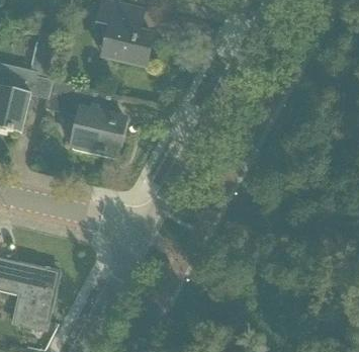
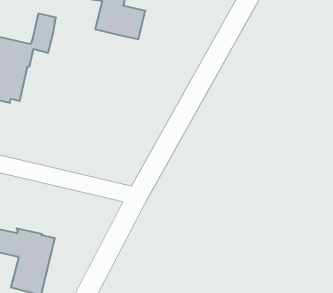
building: [49,80,125,155] -> none

